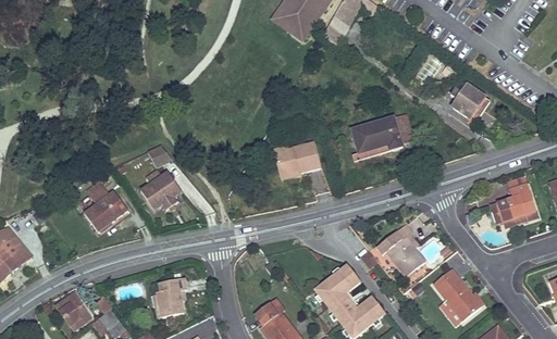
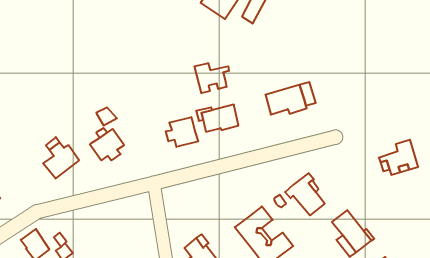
building: [450,81,490,117] -> none
building: none -> [195,63,229,93]
building: none -> [166,117,198,147]
building: [157,279,185,316] -> none

